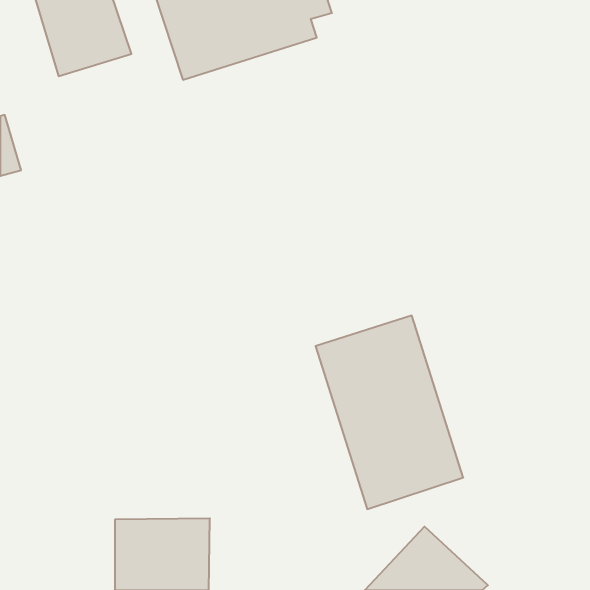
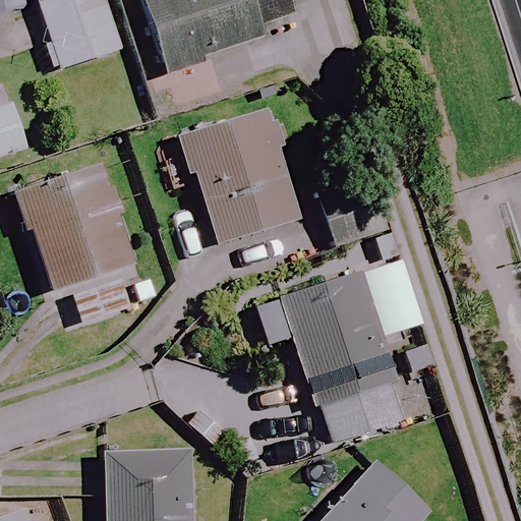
building: none -> [181,112,301,244]
building: none -> [22,171,139,322]

